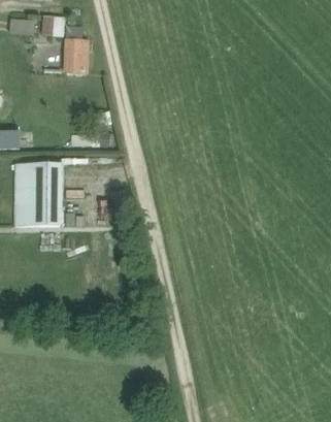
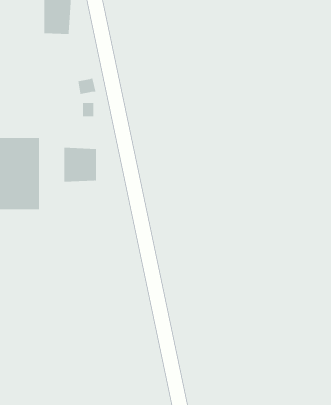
building: none -> [64,147,97,182]

